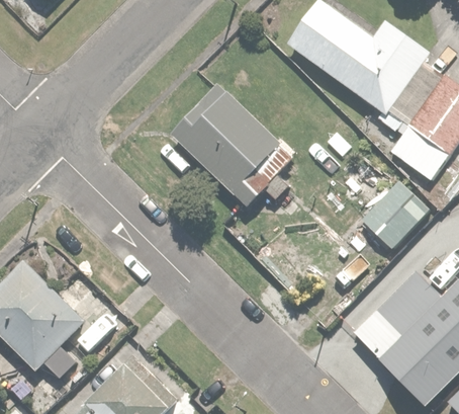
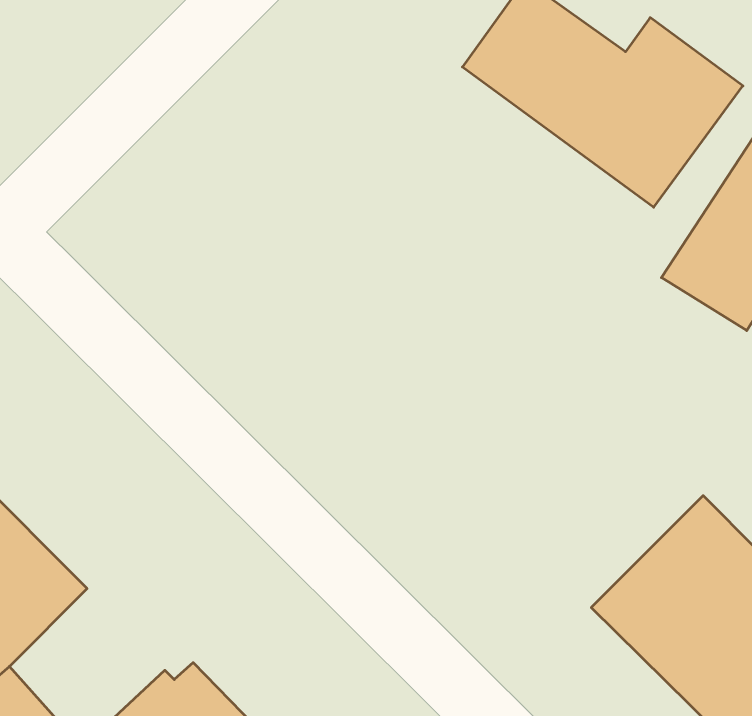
building: [170,84,293,203] -> none
building: [363,181,430,248] -> none

